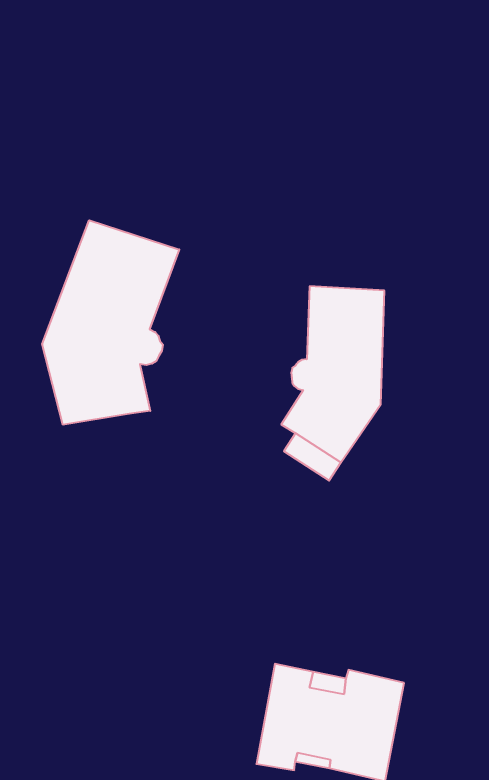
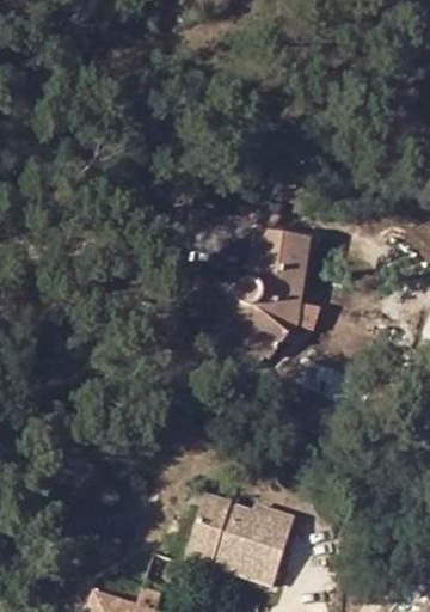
building: [42,220,179,425] -> none

